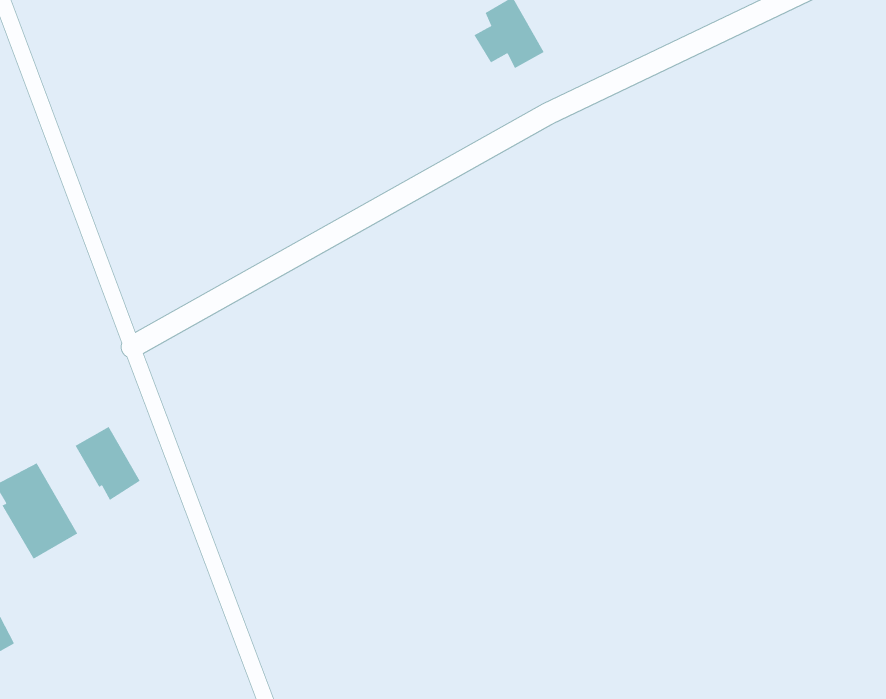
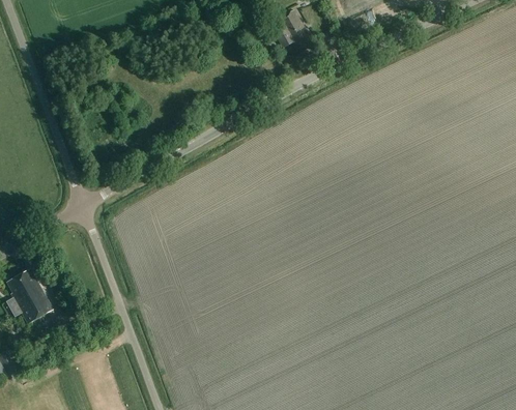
building: [75,426,141,501] -> none

